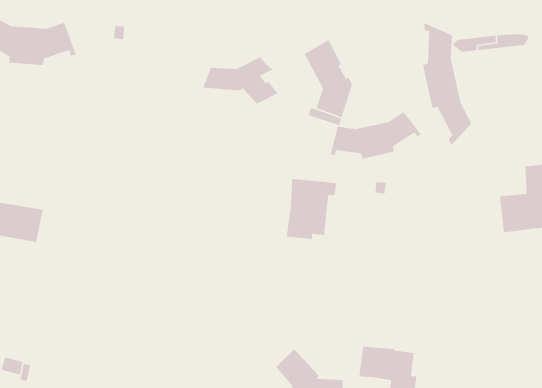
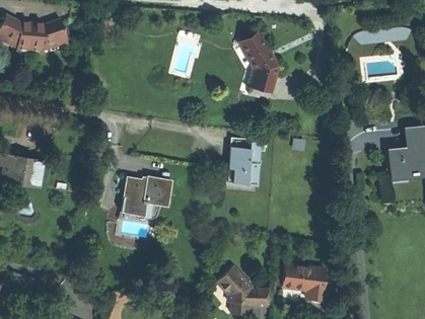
building: [422,22,472,146] -> none
building: [202,56,279,105] -> none
building: [329,111,422,159] -> none
building: none -> [122,176,171,214]

